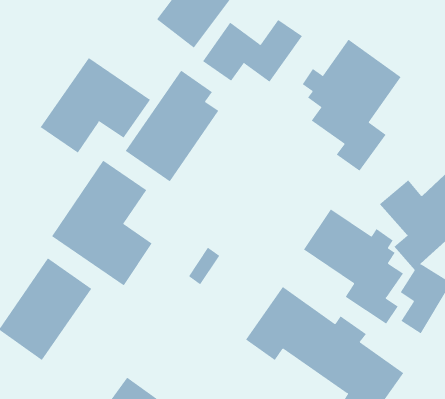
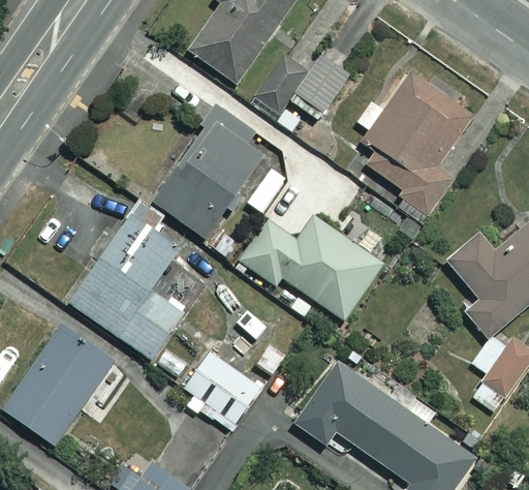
building: [40,57,151,153] -> none
building: none -> [239,217,382,319]
building: [303,208,404,324] -> none
building: none -> [184,351,261,434]

